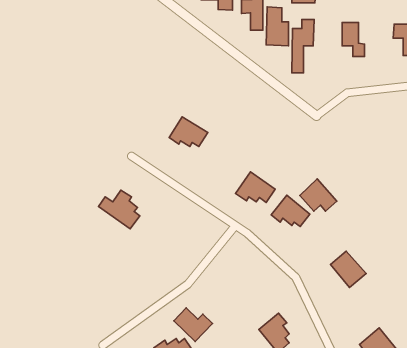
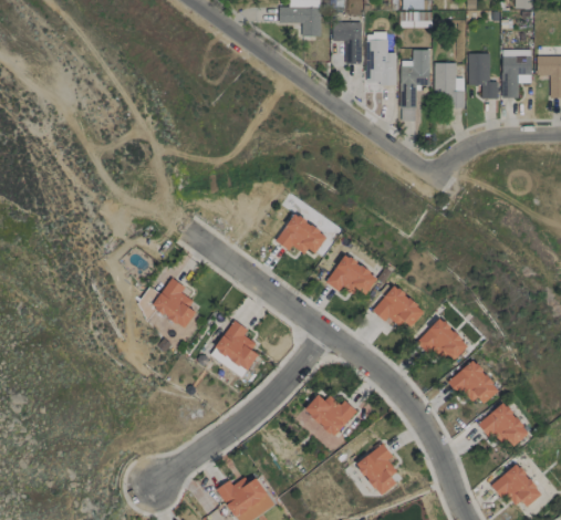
building: none -> [501,49,532,97]
building: none -> [435,62,465,107]
building: [169,117,208,147] -> [277,214,329,253]
building: [300,179,337,211] -> [419,316,469,360]
building: none -> [215,320,261,371]
building: none -> [478,402,529,448]
building: [174,308,213,342] -> [305,391,357,436]

